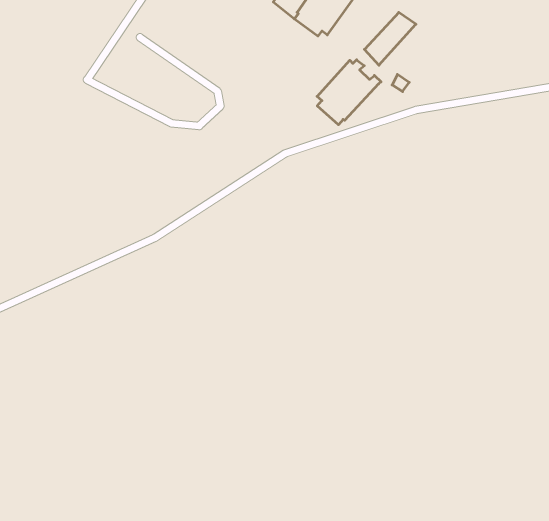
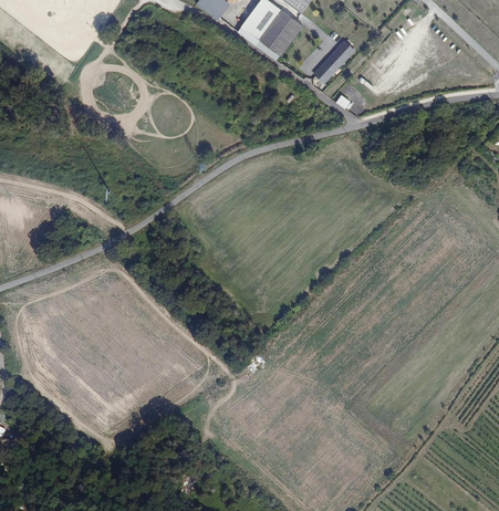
building: [317,60,381,125] -> none

